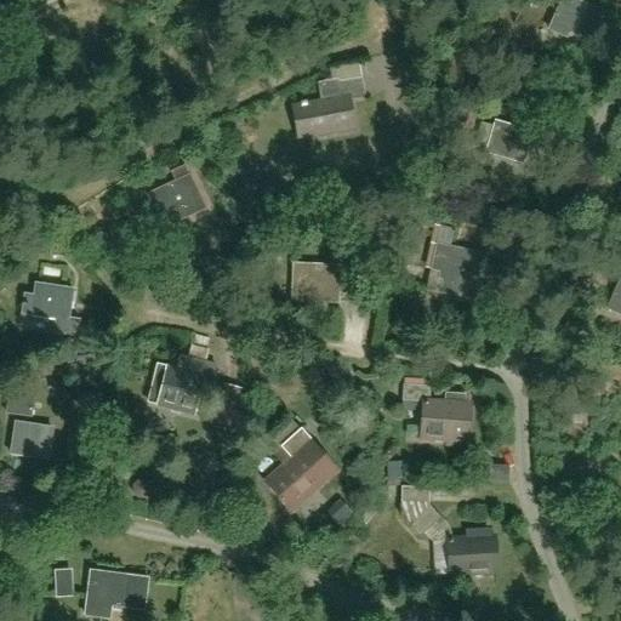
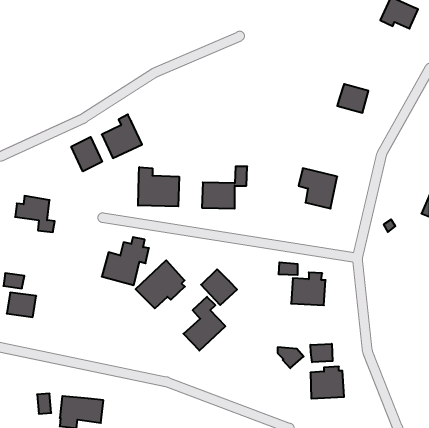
building: [292,78,366,137] -> none
building: none -> [71,137,102,171]
building: none -> [138,167,179,206]
building: none -> [136,260,185,308]
building: none -> [201,269,237,305]
building: none -> [310,344,333,362]

